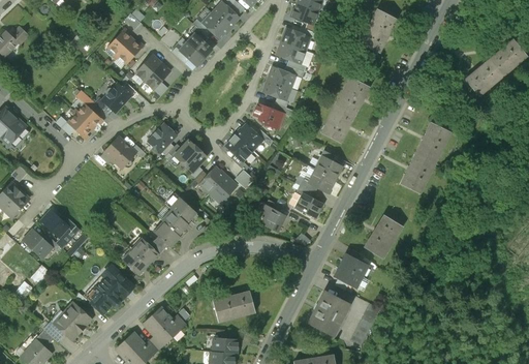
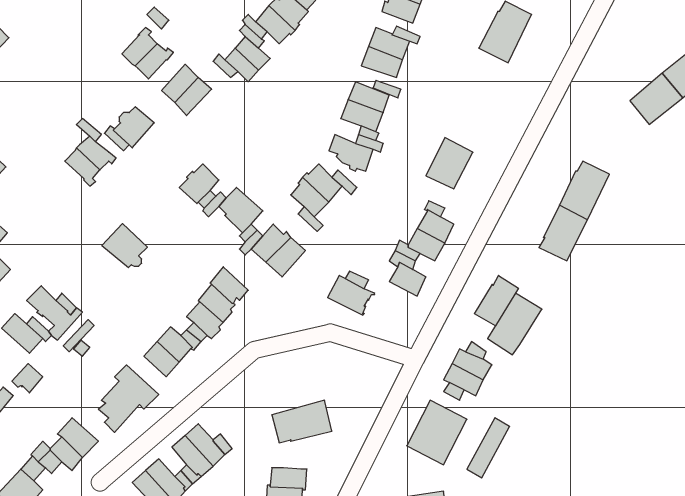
building: [335,77,370,116] -> none
building: [103,136,135,168] -> [102,224,147,268]
building: none -> [474,275,518,326]

